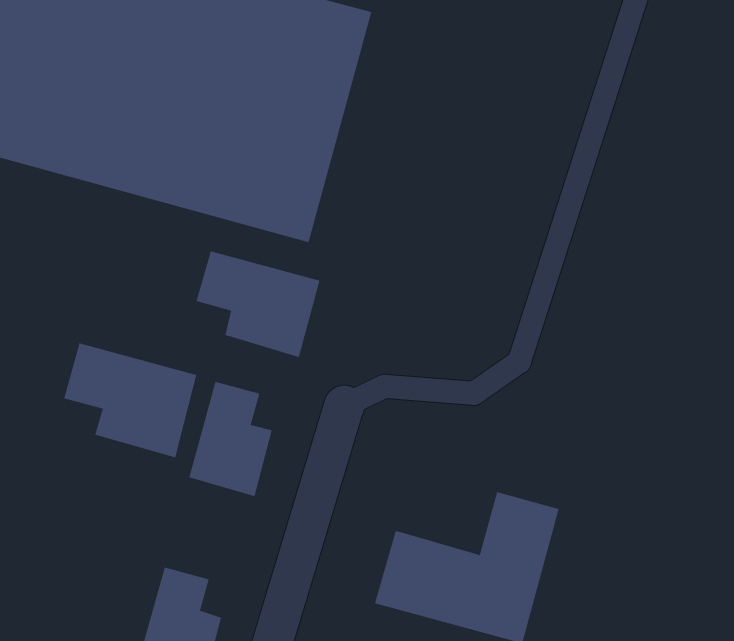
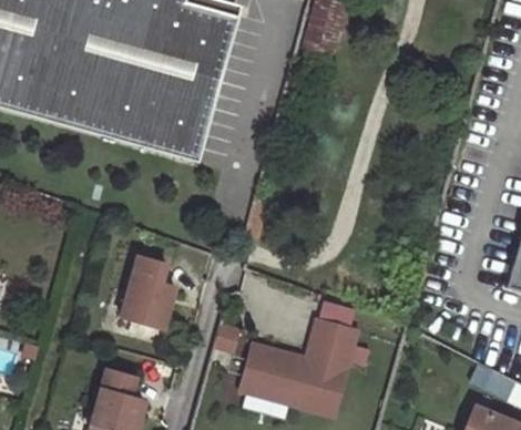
building: [196,250,320,358] -> none
building: [64,342,197,458] -> none

